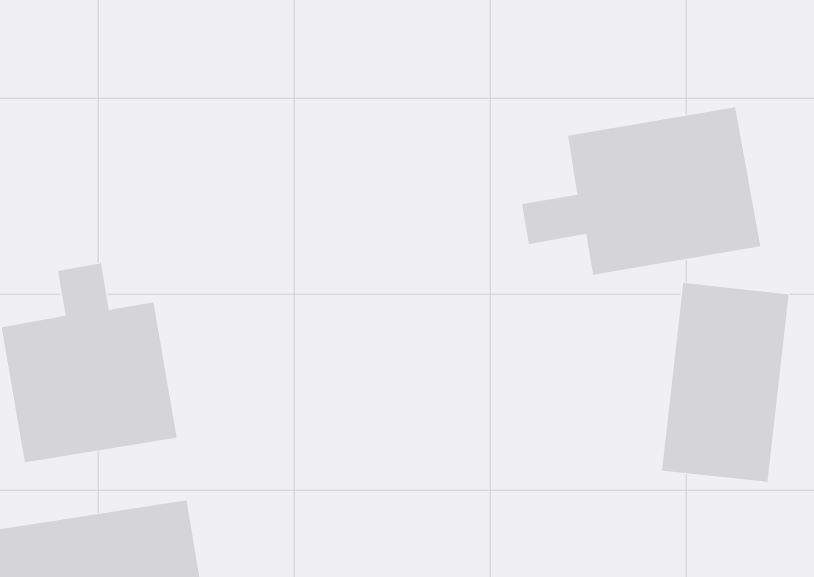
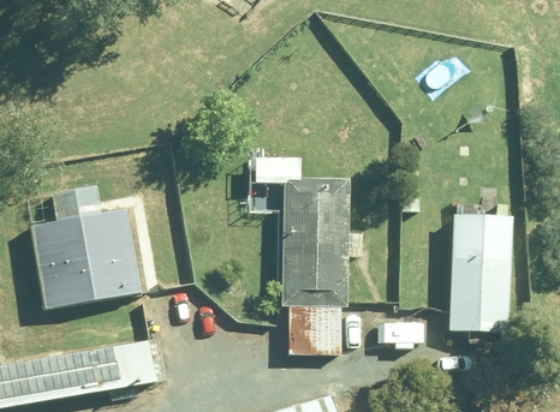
building: [521,107,761,276] -> none
building: none -> [255,159,359,357]

